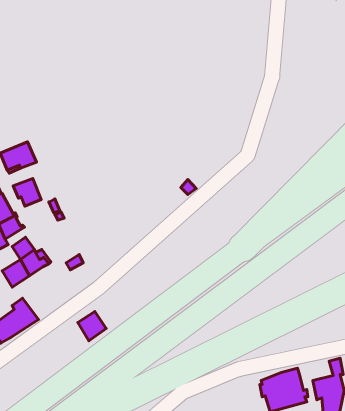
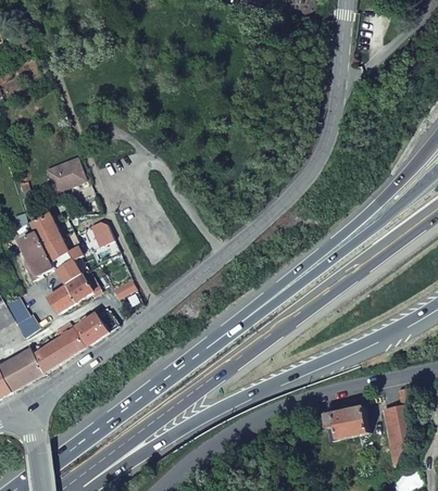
building: [13,179,41,206] -> none
building: [78,311,106,341] -> [76,314,107,345]

